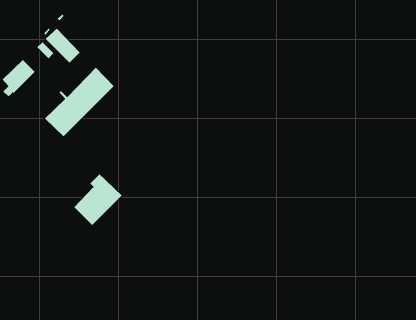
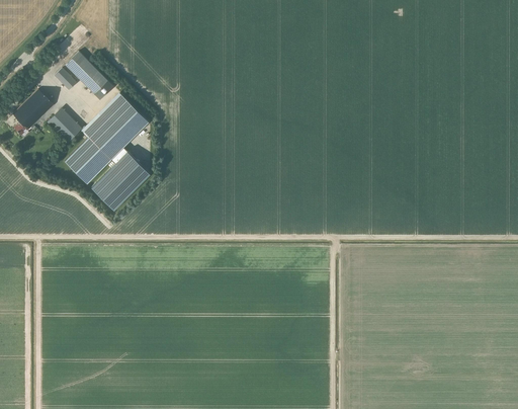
building: none -> [48,108,81,142]
building: [73,173,123,226] -> [91,147,150,210]

